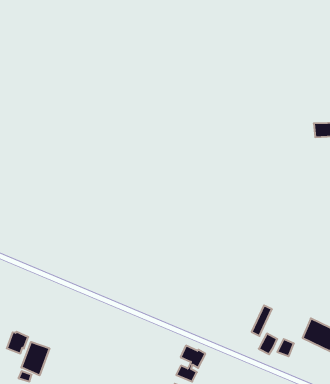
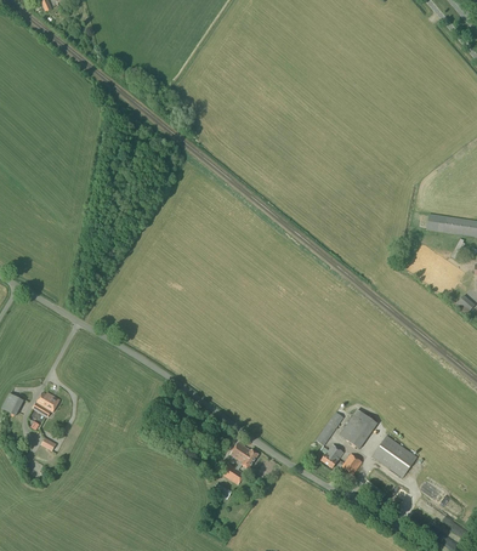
building: none -> [339,409,376,448]
building: [21,342,49,375] -> none

